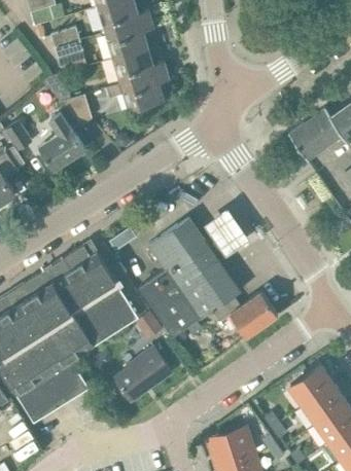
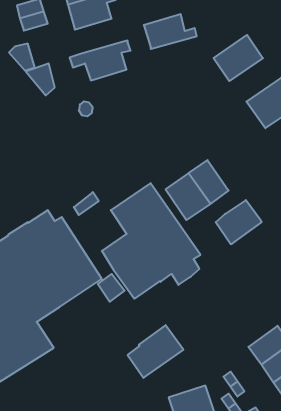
building: [111,48,166,84] -> [144,14,197,49]
building: none -> [214,35,263,81]
building: [39,115,84,171] -> none
building: none -> [189,160,229,204]
building: [231,292,278,337] -> [216,200,262,244]
building: [115,347,173,401] -> [128,325,183,378]

